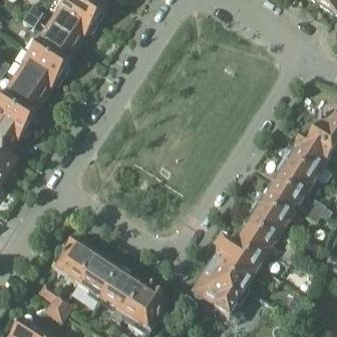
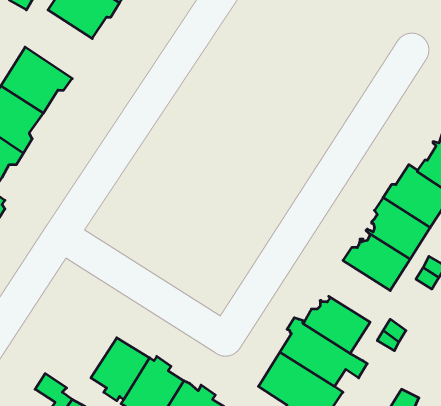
building: [32,25,79,73] -> none
building: [243,201,288,244] -> none
building: [54,234,96,283] -> none

